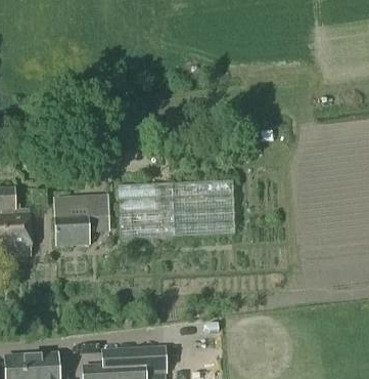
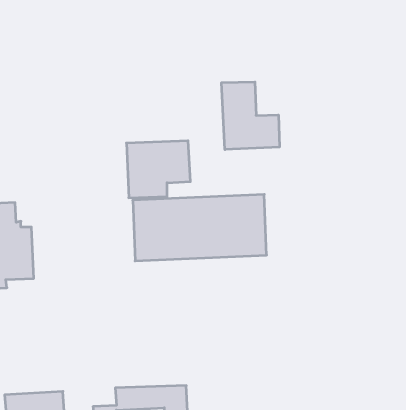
building: none -> [222,82,279,150]
building: [54,194,110,244] -> [126,141,190,198]

